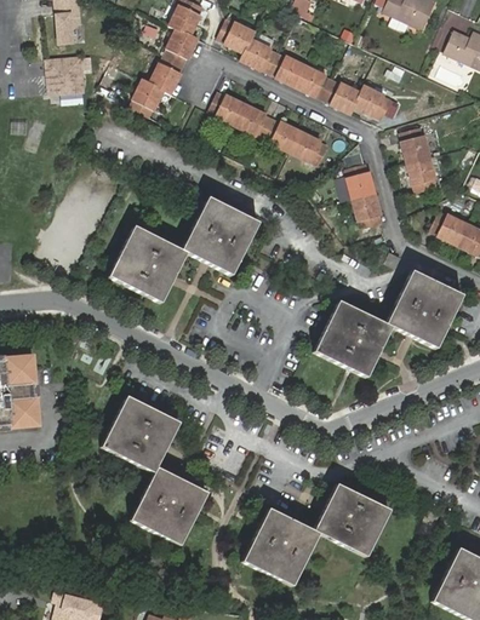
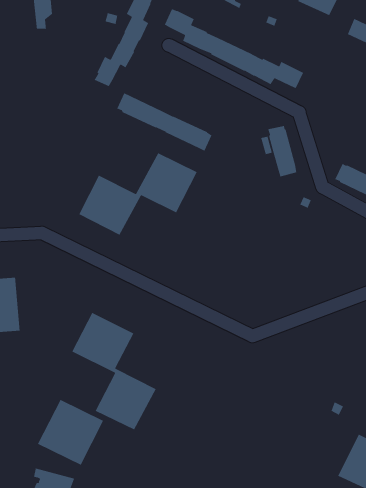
building: [46,59,82,96] -> none
building: [208,91,328,165] -> [116,92,213,152]
building: [399,127,438,193] -> none
building: [314,270,463,375] -> none
building: [242,483,390,585] -> none
building: none -> [37,399,104,466]

